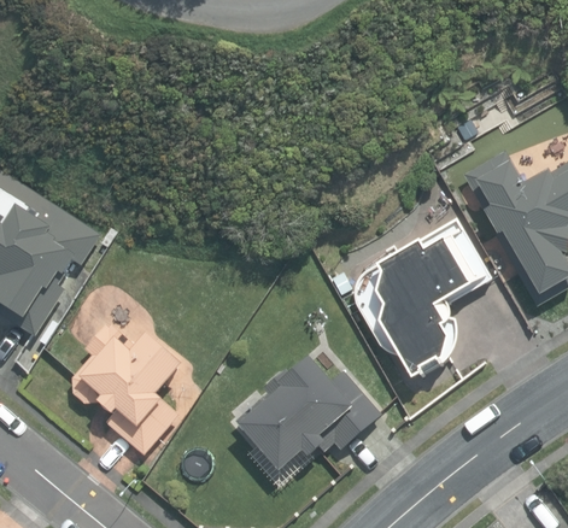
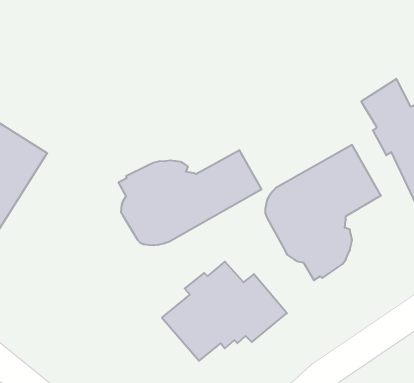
building: none -> [119,150,261,245]
building: [72,325,182,456] -> none

